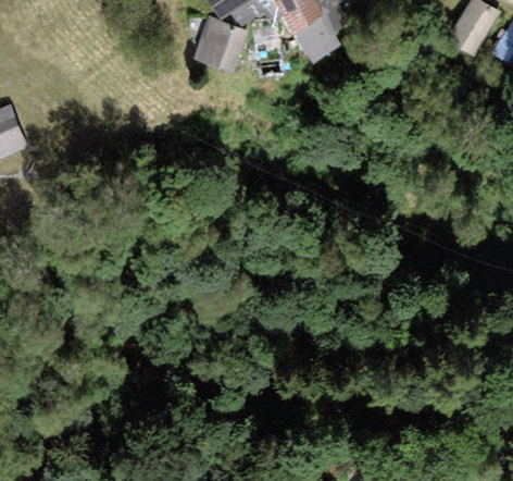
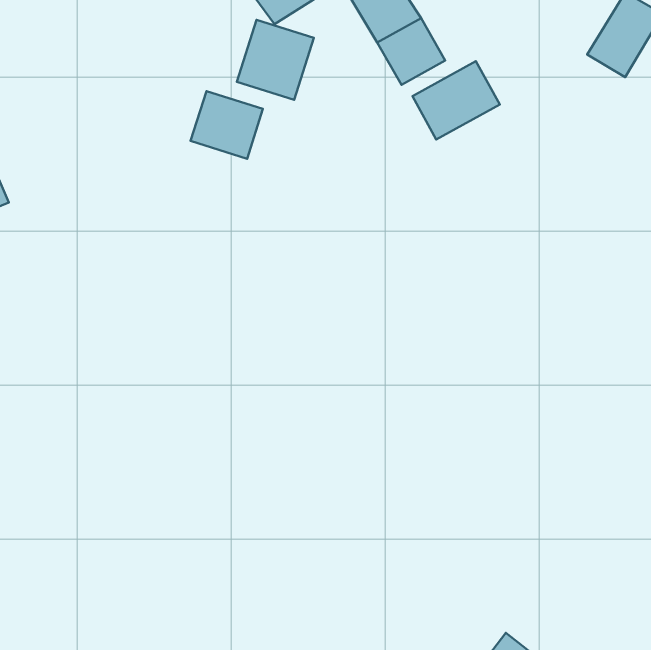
building: none -> [412,61,500,140]
building: none -> [191,91,263,159]

